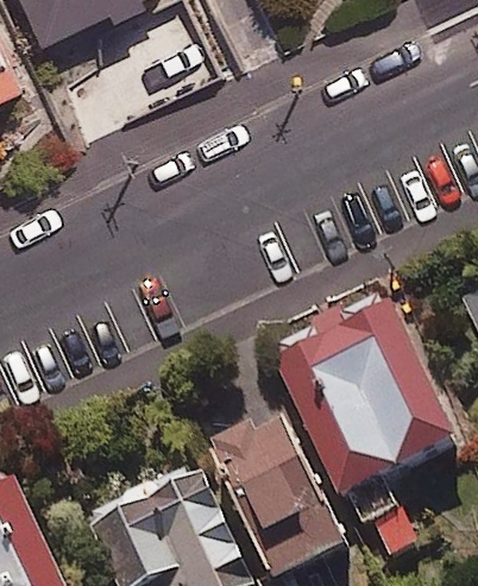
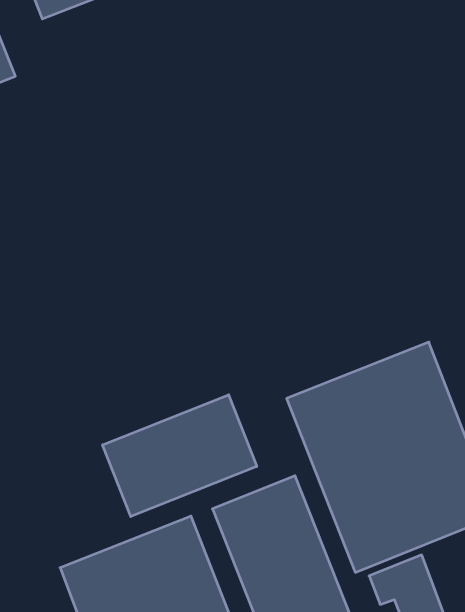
building: none -> [103,395,257,517]

